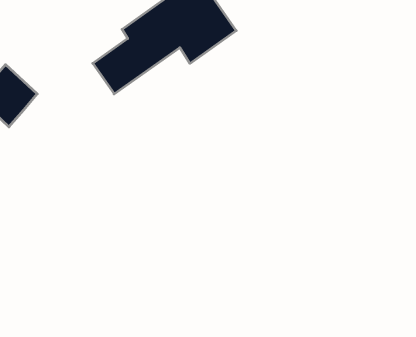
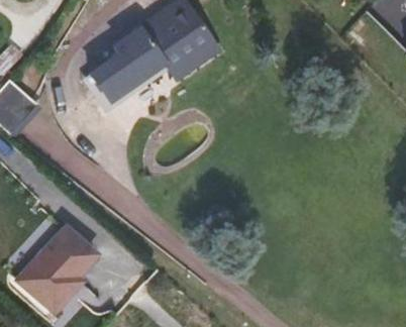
building: none -> [21,228,97,311]

